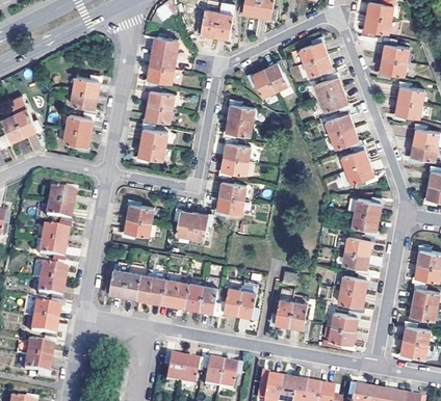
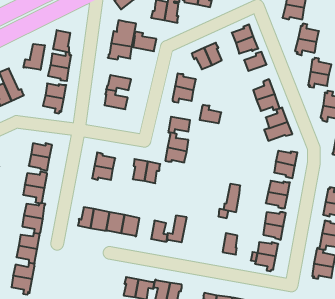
building: none -> [53,30,70,53]
building: none -> [24,44,45,70]
building: [148,85,177,110] -> [133,31,156,51]
building: [320,91,349,113] -> none
building: [224,138,251,161] -> [200,105,221,123]
building: [135,142,166,163] -> none
building: [237,283,257,317] -> none
building: [180,284,203,310] -> none
building: [273,291,293,326] -> [224,184,240,212]

